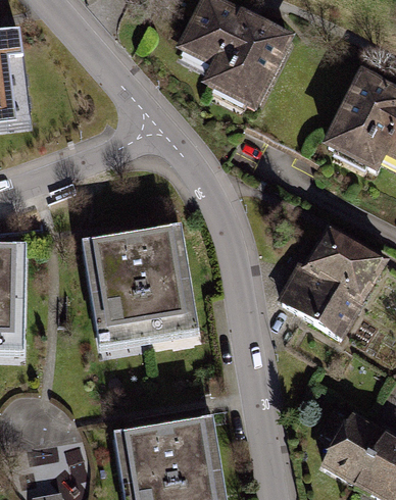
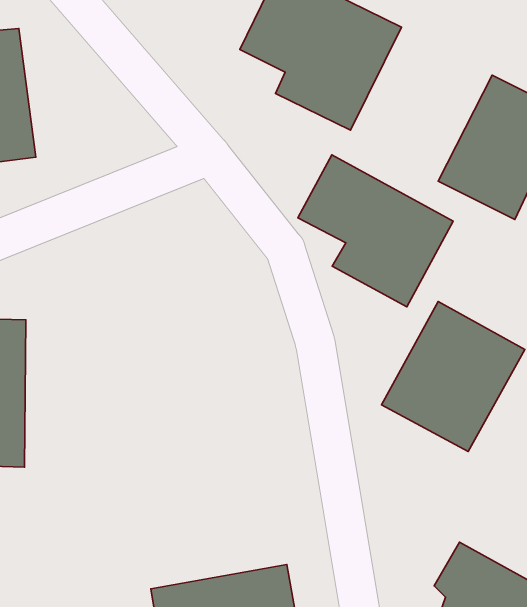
building: none -> [298,155,453,307]
building: [82,229,196,344] -> none

